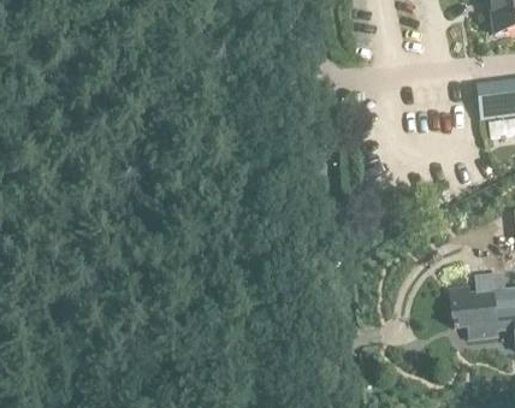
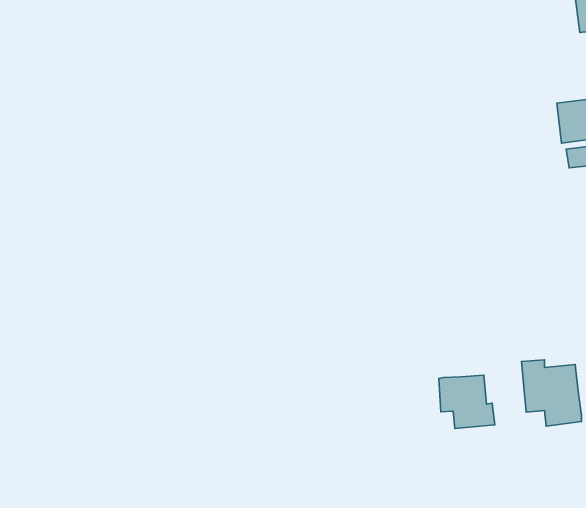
building: none -> [439,375,495,428]

